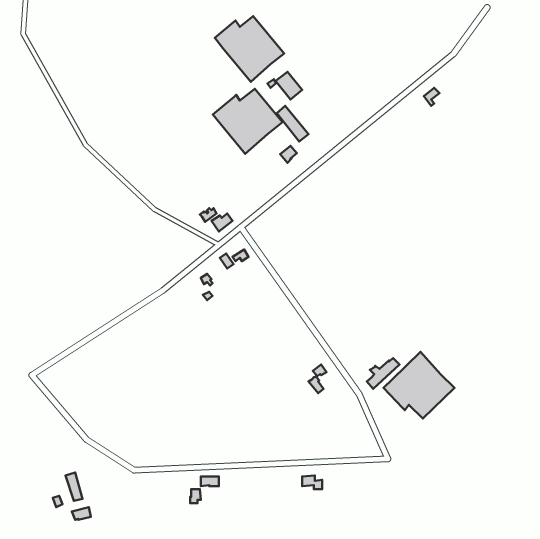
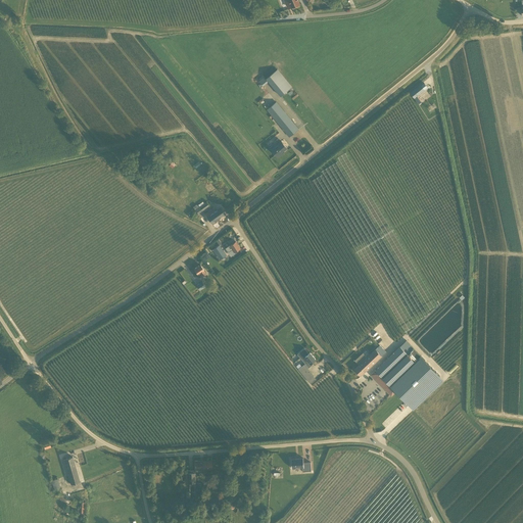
building: [215,16,284,82] -> none
building: [213,89,283,154] -> none

